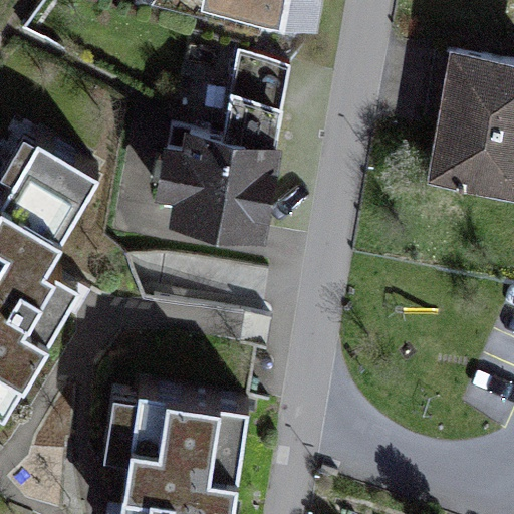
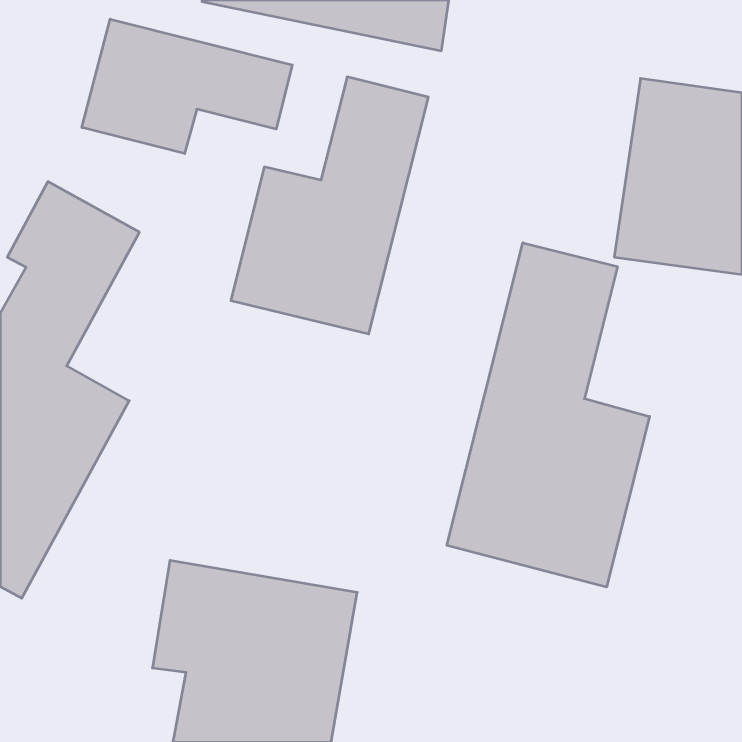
building: none -> [82,19,292,154]
building: none -> [447,243,650,587]

